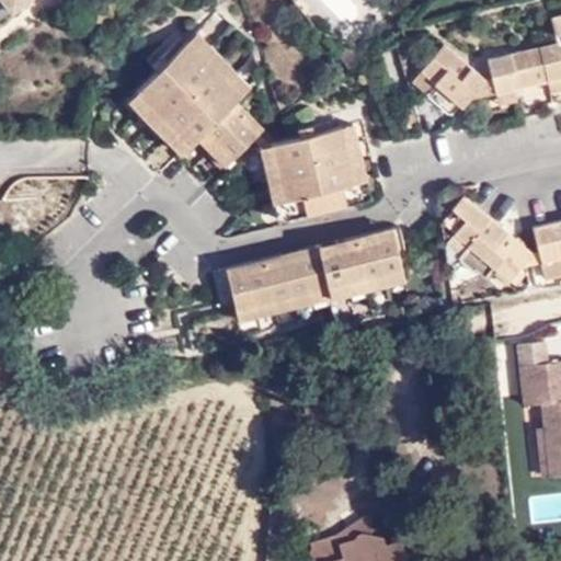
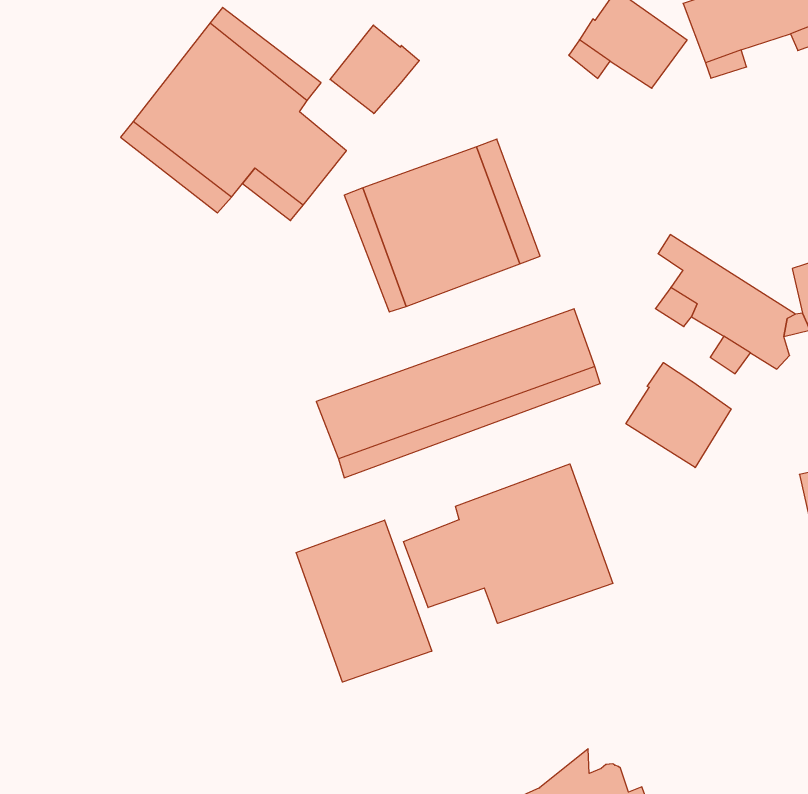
building: none -> [330,25,419,114]
building: none -> [626,363,731,468]
building: none -> [404,464,613,623]
building: none -> [296,520,432,682]

